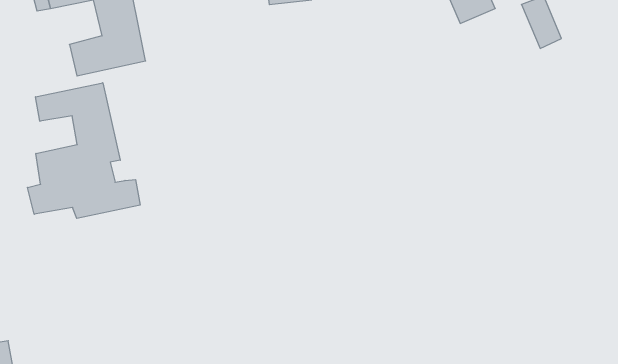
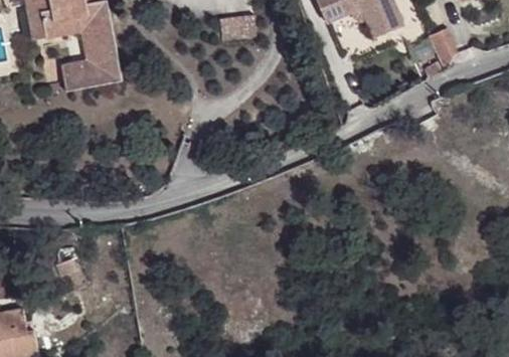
building: [27,83,140,218] -> none

